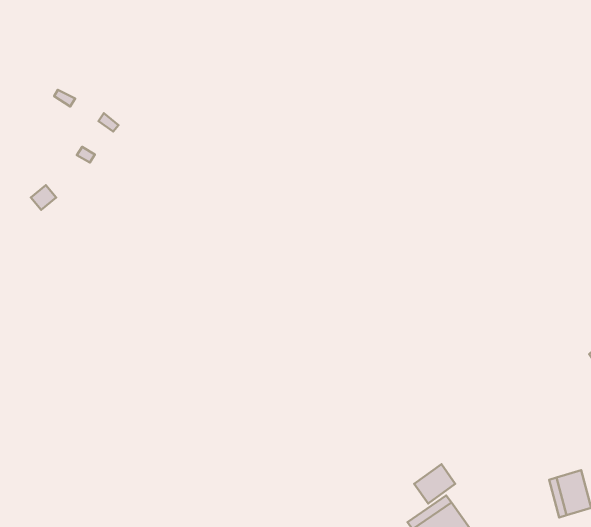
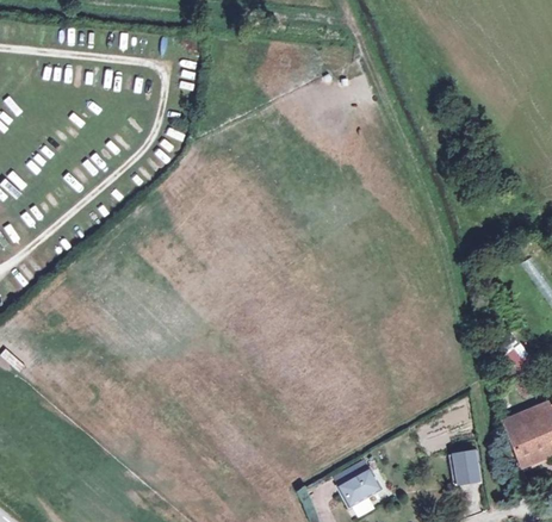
building: [414,464,455,504] -> none

